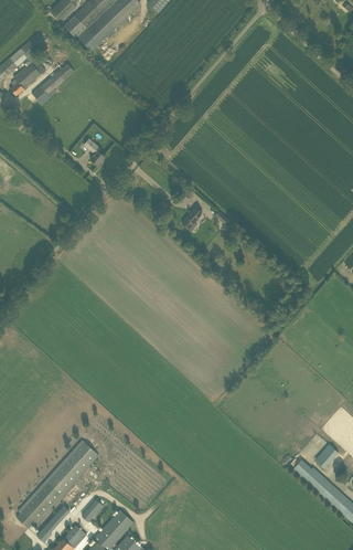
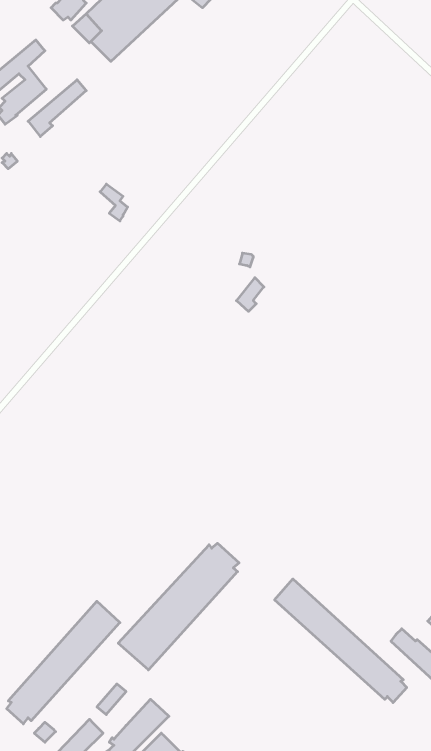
building: none -> [118,543,239,670]
building: none -> [275,579,407,703]

